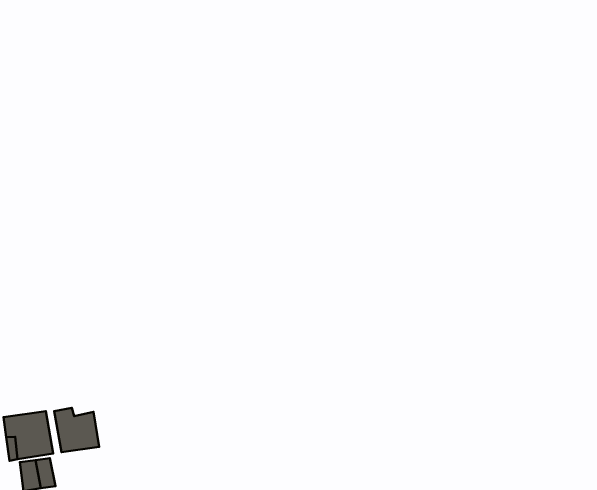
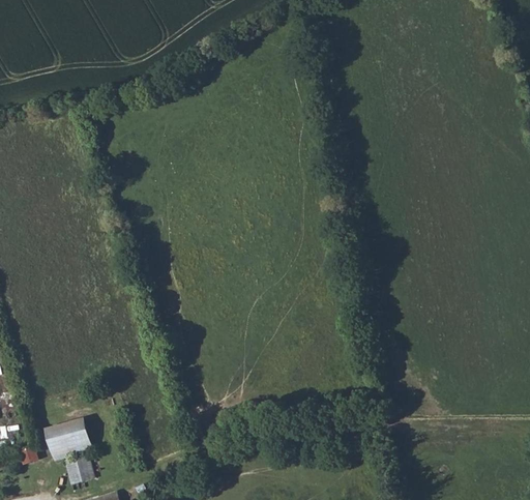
building: [54,408,99,452] -> none

